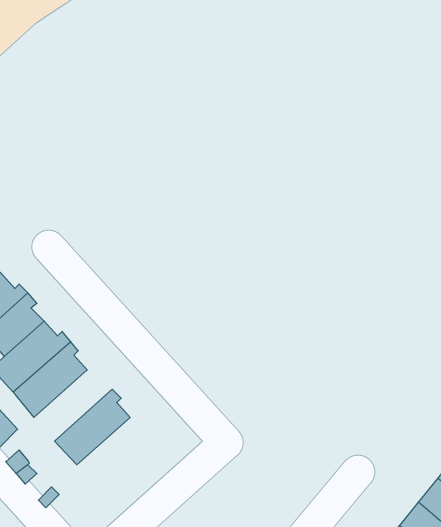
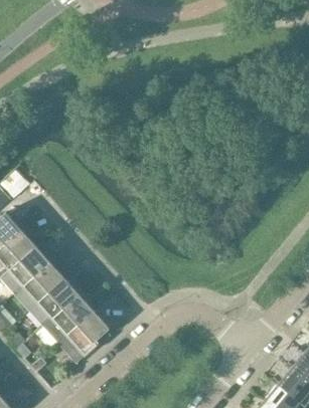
building: none -> [29,279,83,328]
building: none -> [58,312,110,364]

